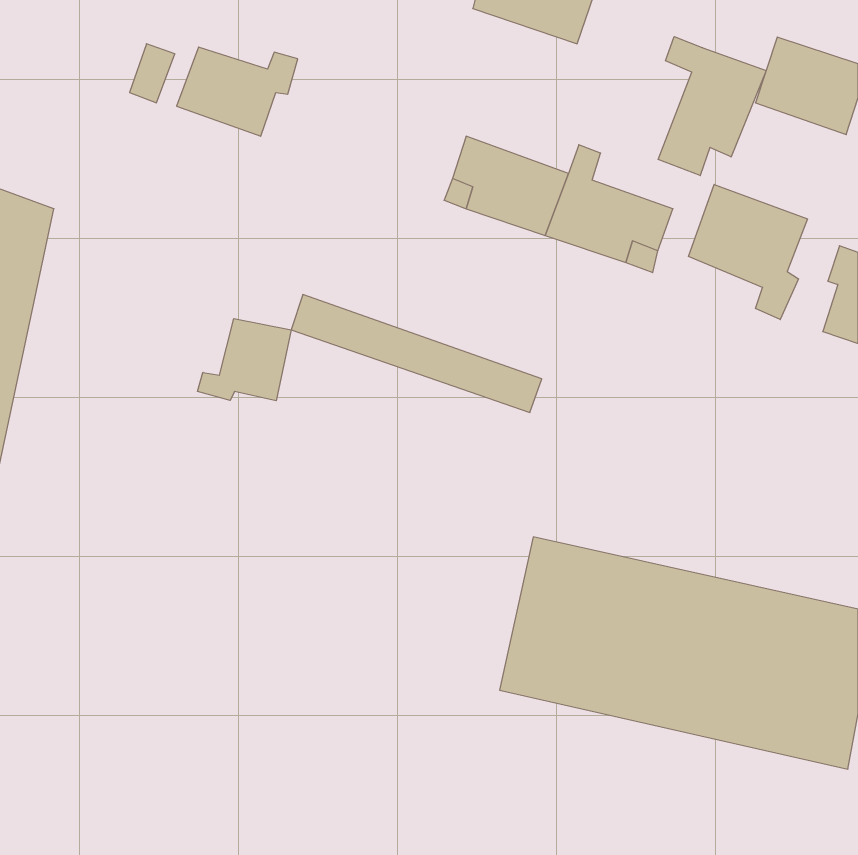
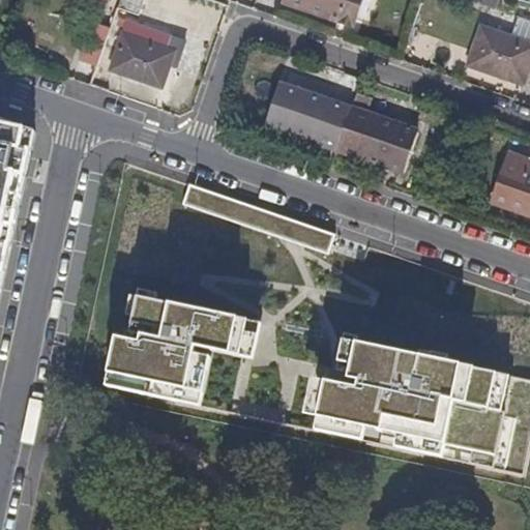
building: [658,37,766,176] -> none
building: [688,184,807,320] -> none
building: [197,319,291,401] -> none
building: none -> [102,293,257,406]

